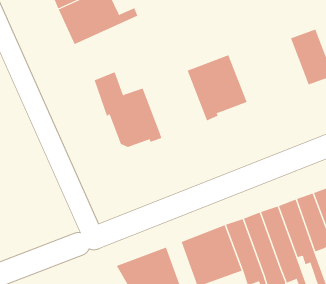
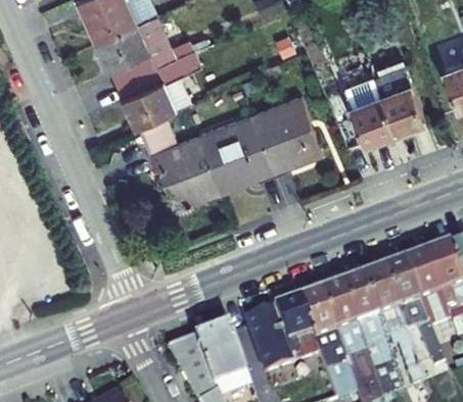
building: none -> [115,47,200,124]
building: none -> [344,73,396,141]
building: none -> [198,112,274,187]

